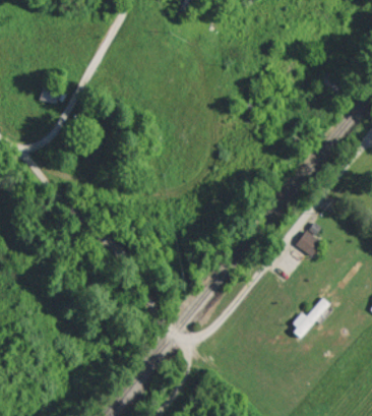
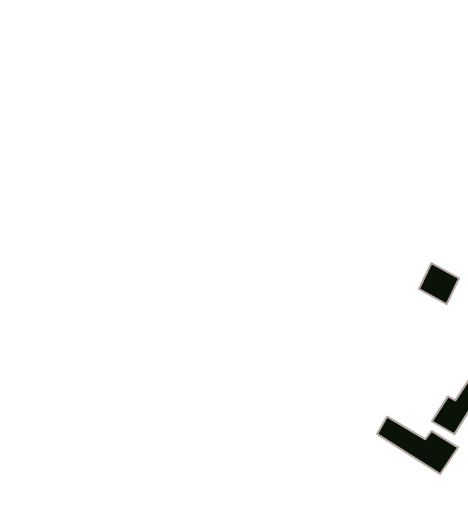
building: none -> [377,417,458,474]

